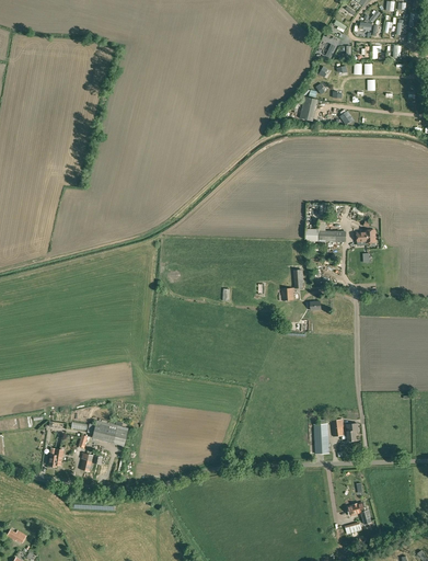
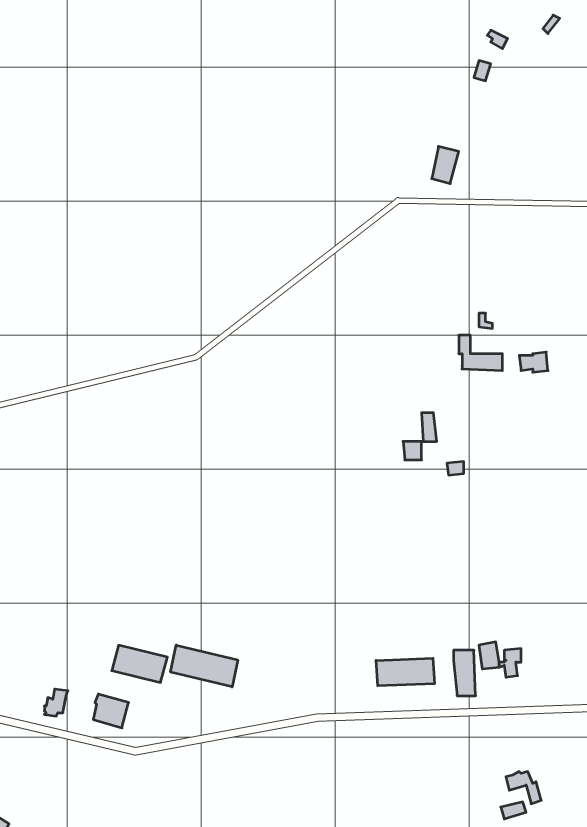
building: none -> [171,645,238,687]
building: none -> [376,658,434,686]

